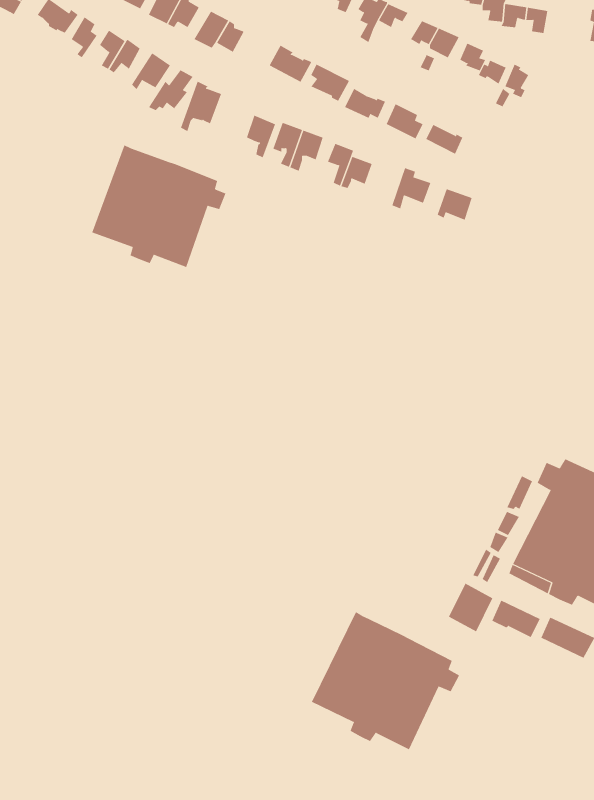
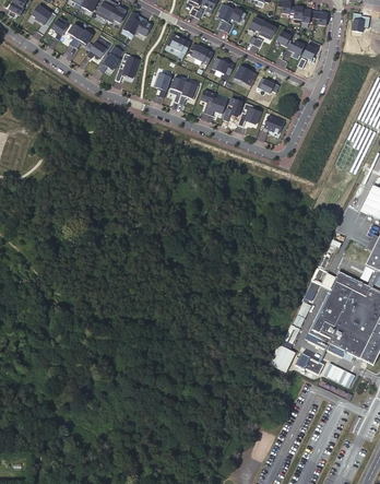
building: [91,144,226,268] -> none
building: [311,611,460,750] -> none

